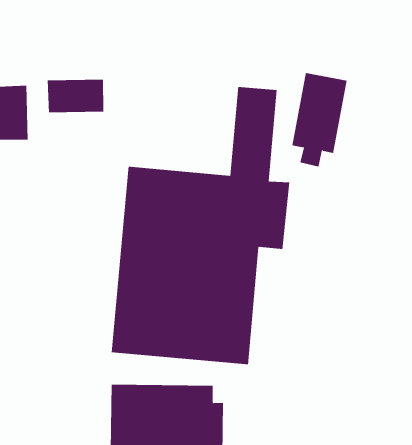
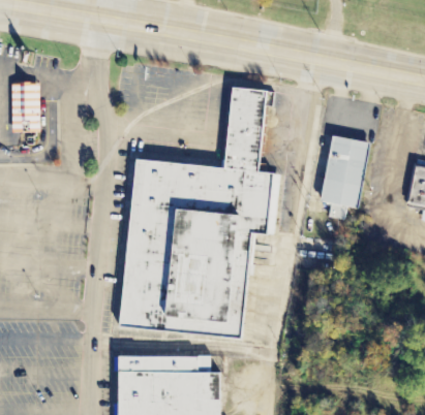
building: [292,72,348,167] -> [323,136,373,222]
building: [47,79,104,113] -> none

